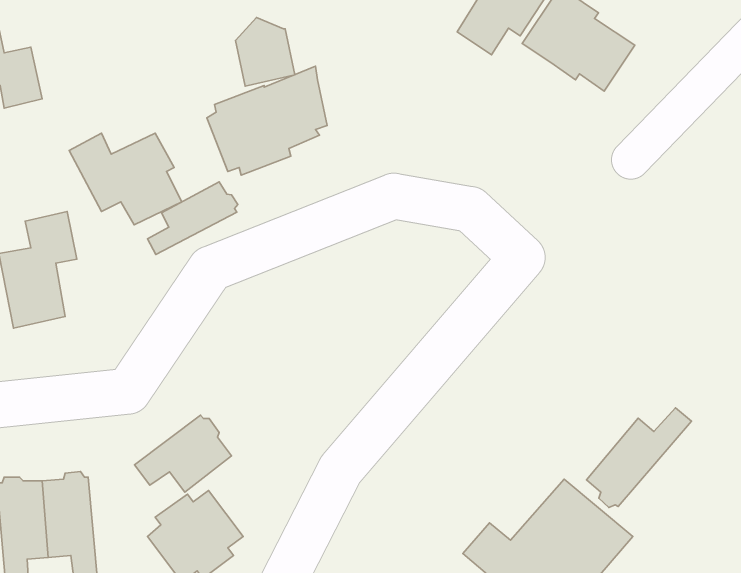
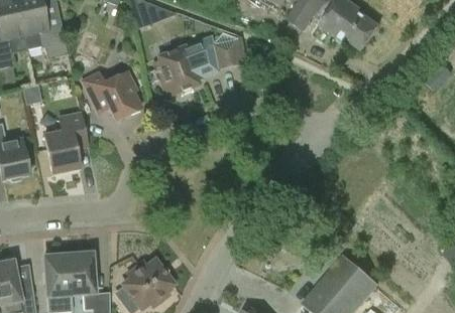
building: [236,17,295,86] -> [213,31,244,67]
building: [148,182,238,254] -> none
building: [586,408,691,508] -> none
building: [135,415,231,492] -> none

